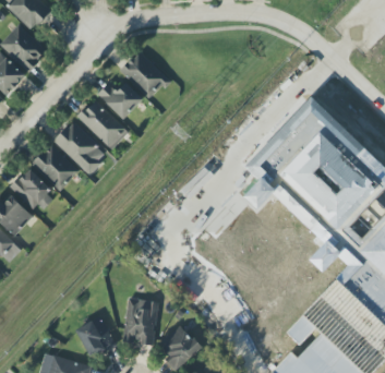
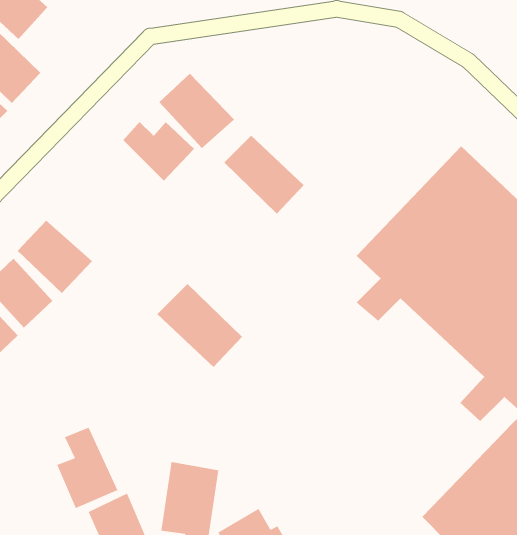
building: [77,99,129,149] -> [223,135,305,214]
building: [53,121,108,175] -> [156,283,243,368]
building: none -> [56,427,118,509]

